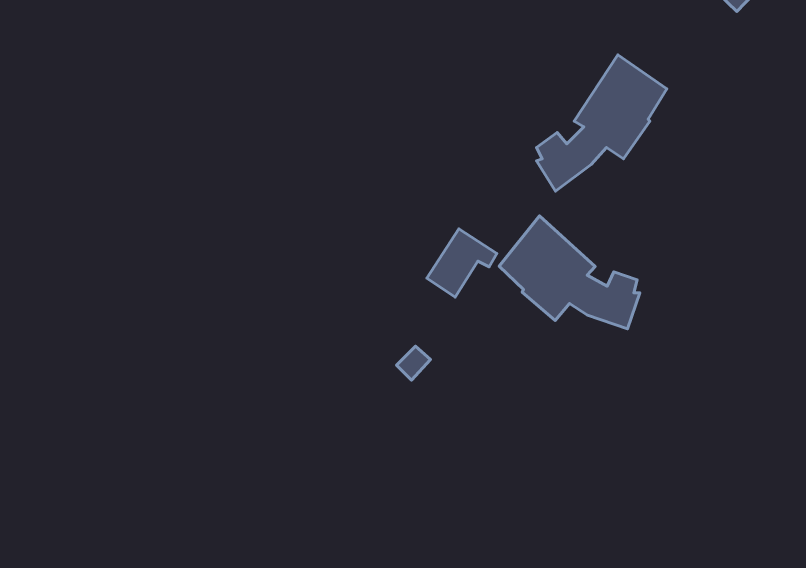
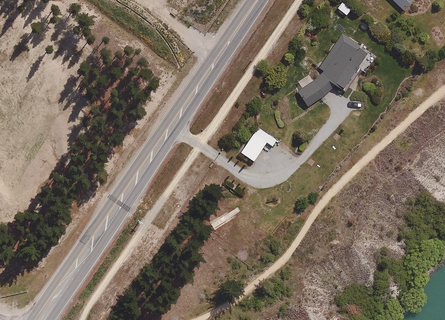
building: [499,216,640,329] -> none

